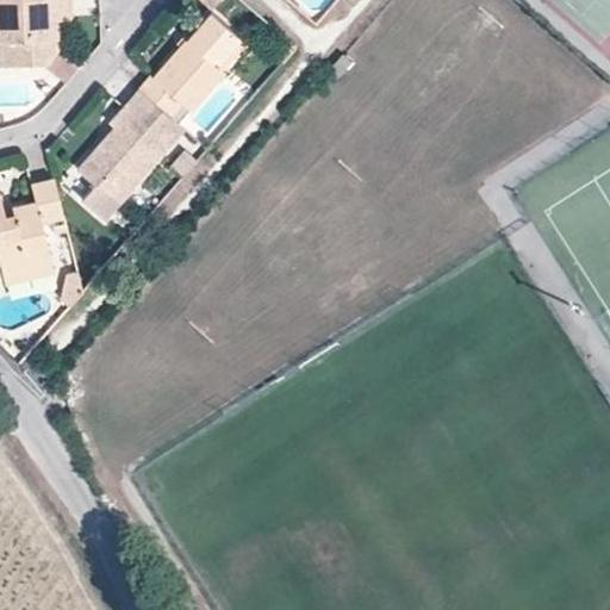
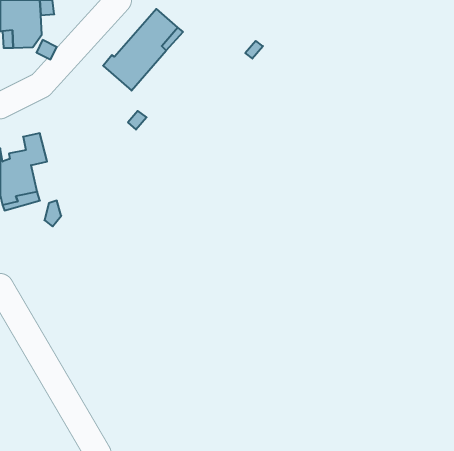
building: [77,92,182,222] -> none

